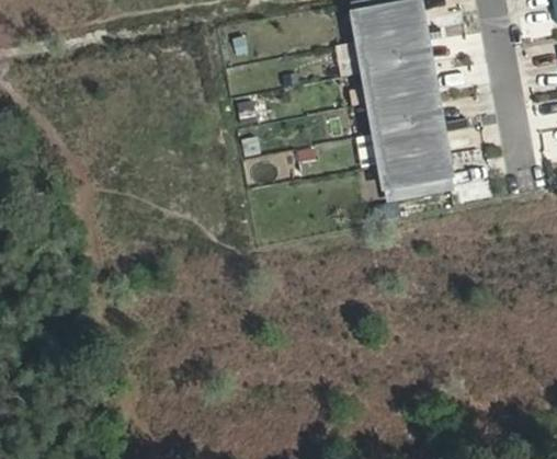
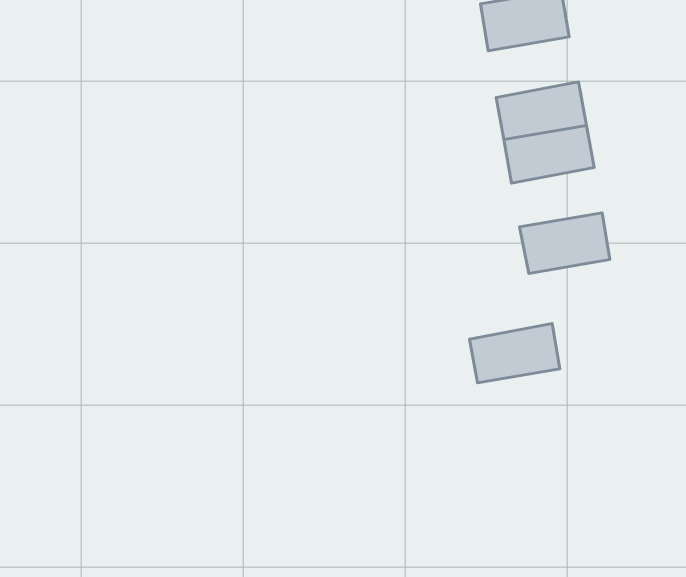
building: [362,31,425,73] -> none
building: [378,123,442,164] -> [470,323,560,383]

